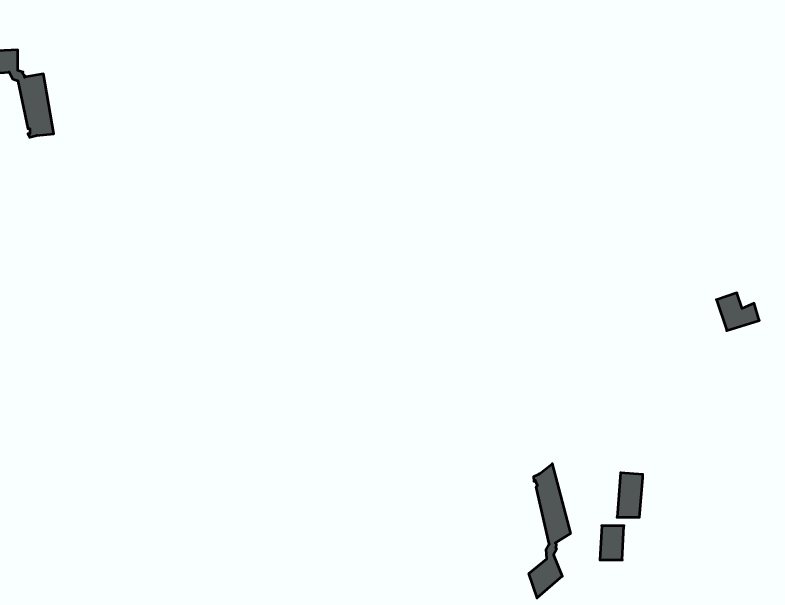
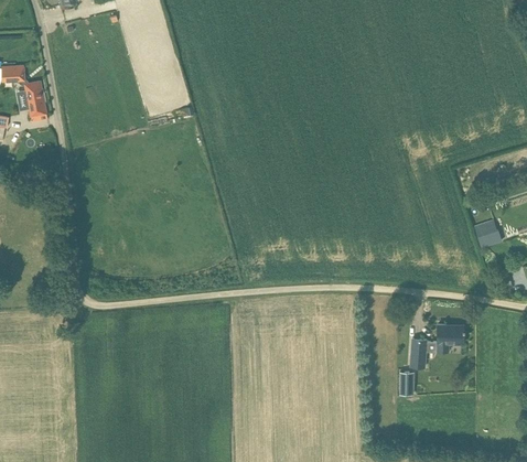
building: none -> [438,325,463,353]
building: [529,464,570,598] -> none

